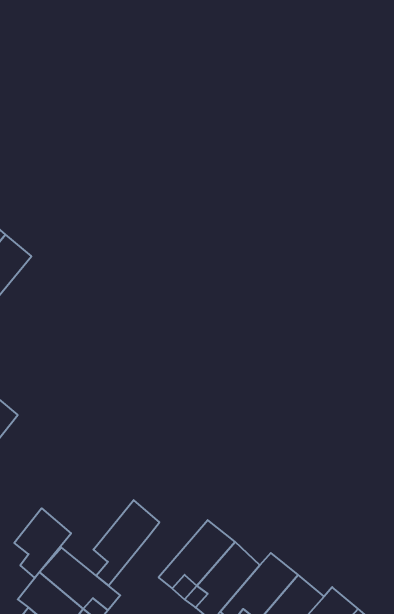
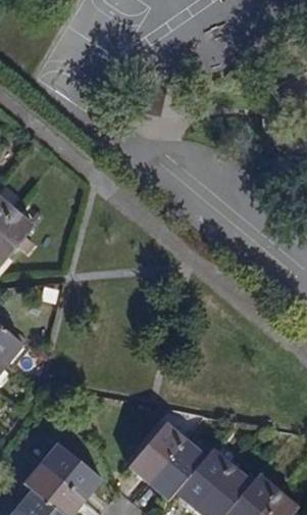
building: [93,500,159,585] -> none
building: [14,508,71,578] -> none

